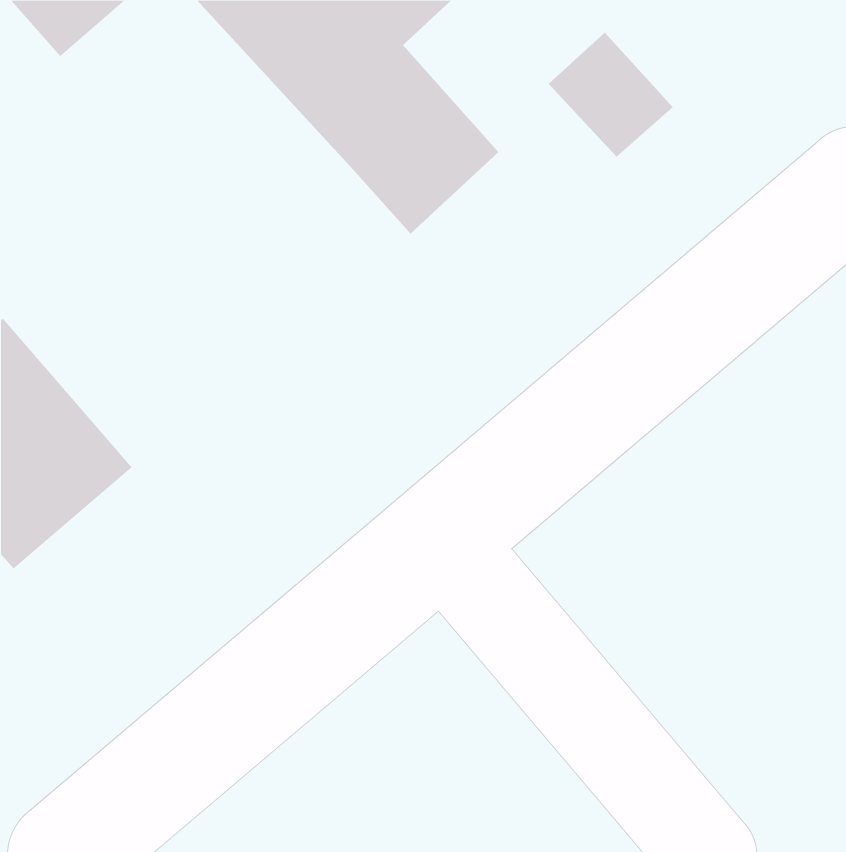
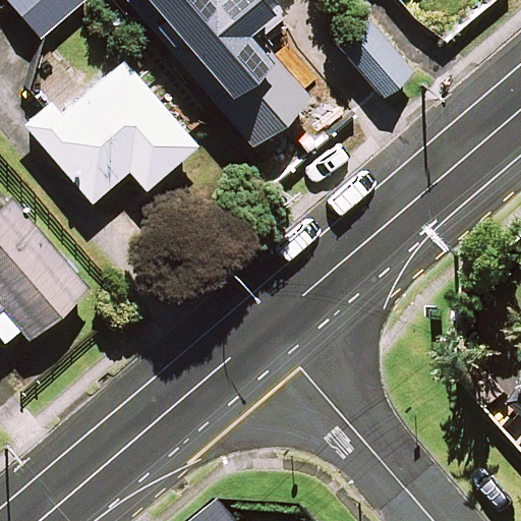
building: none -> [26,60,196,198]

